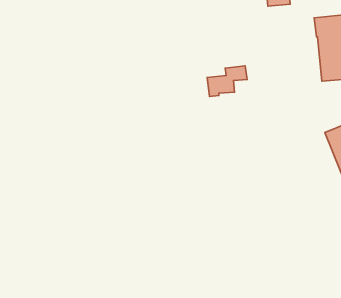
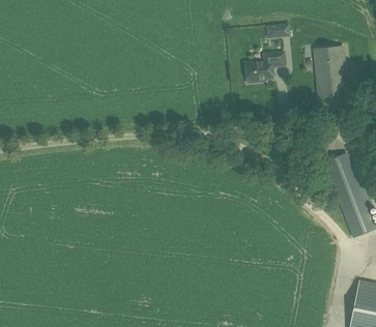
building: [207,66,247,96] -> [247,52,286,82]

